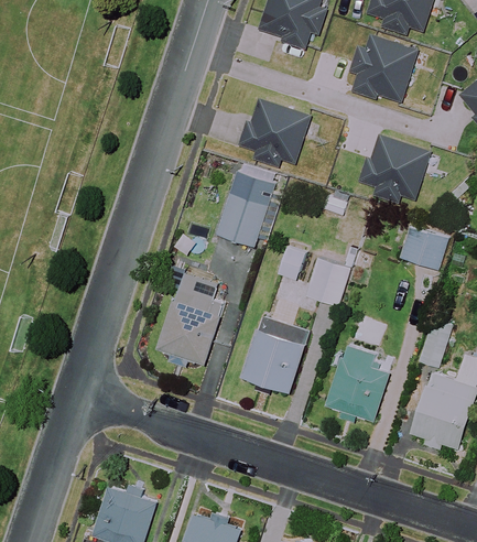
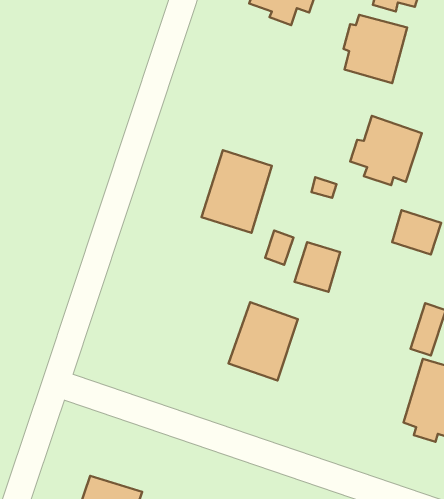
building: [238,100,308,167] -> none
building: [156,274,230,365] -> none
building: [325,339,398,420] -> none

